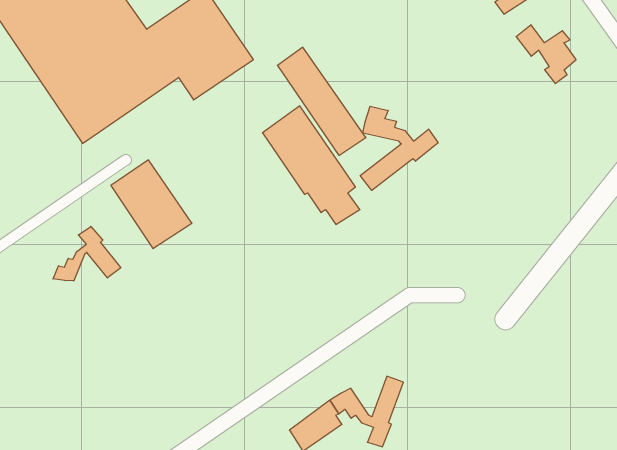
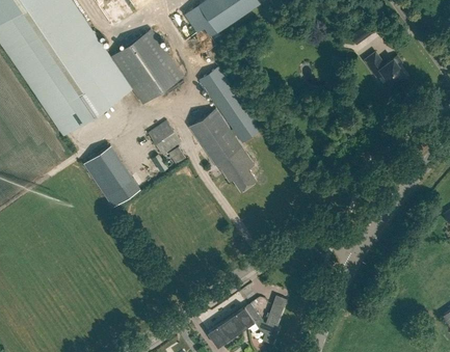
building: [360,106,438,190] -> none
building: none -> [149,121,181,156]
building: [53,226,121,281] -> none

